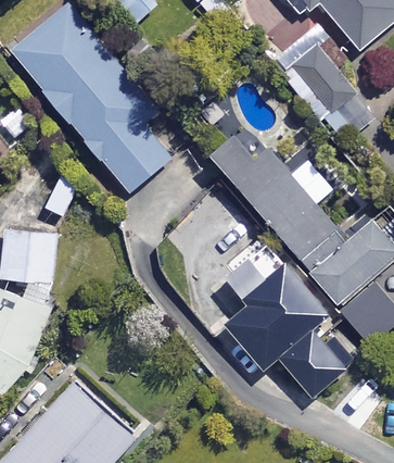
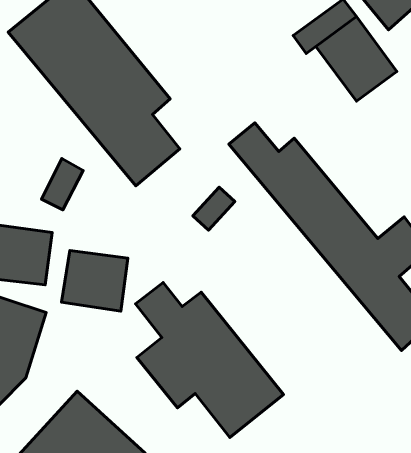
building: none -> [62,251,128,311]
building: [225,256,359,398] -> [136,283,284,438]

